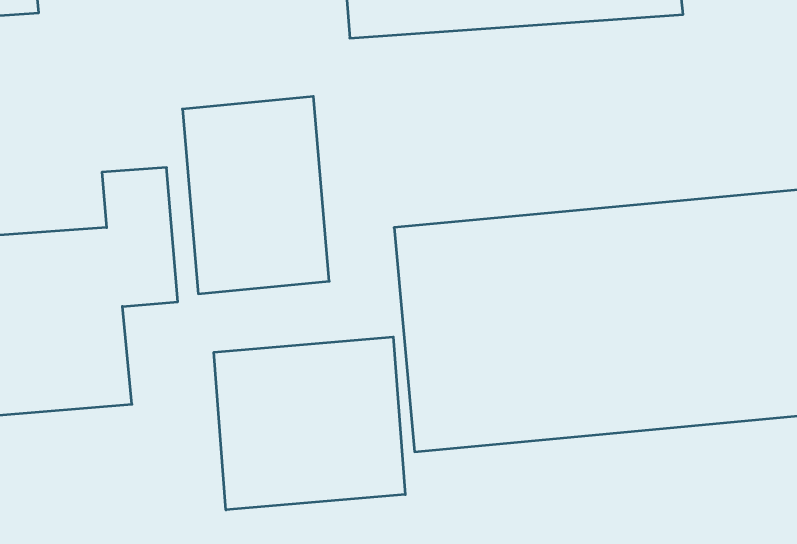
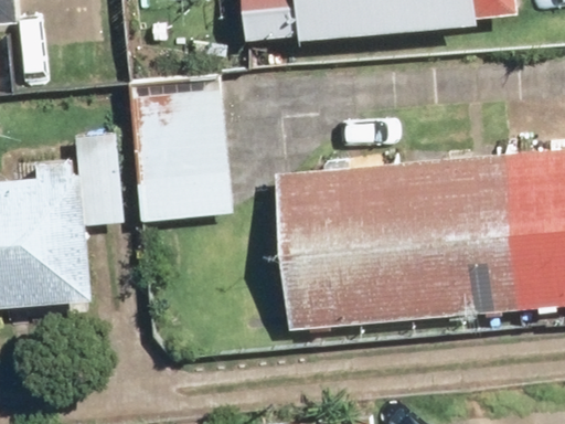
building: [214,337,405,510] -> none

